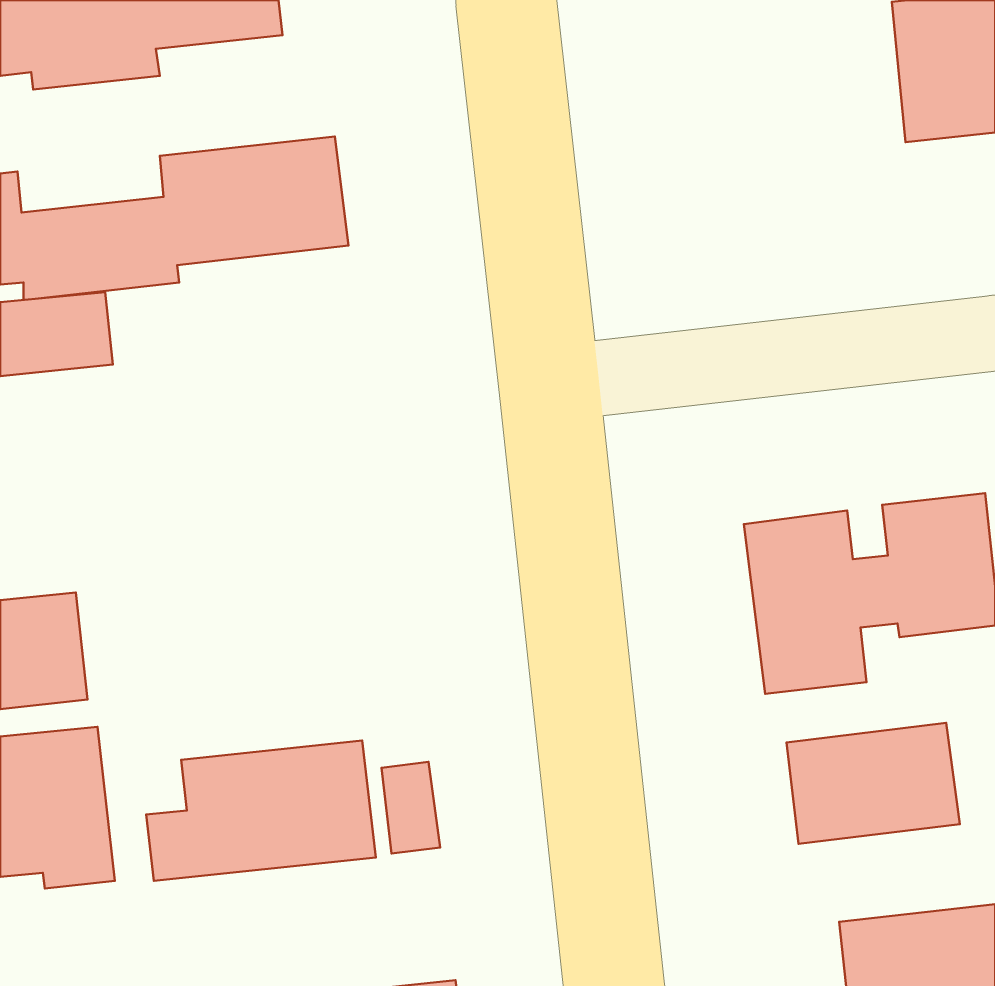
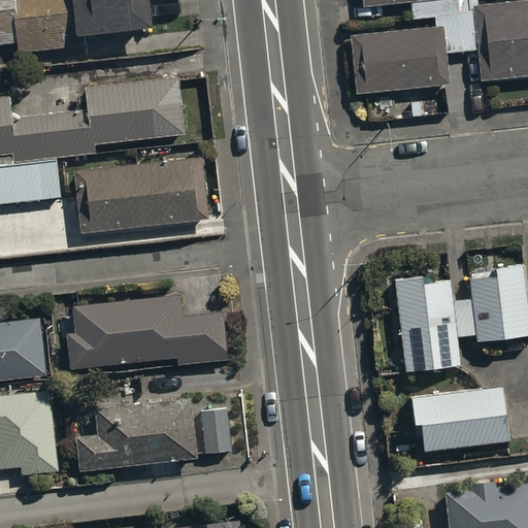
building: none -> [350,26,449,95]
building: none -> [73,158,208,234]
building: none -> [67,294,227,370]

